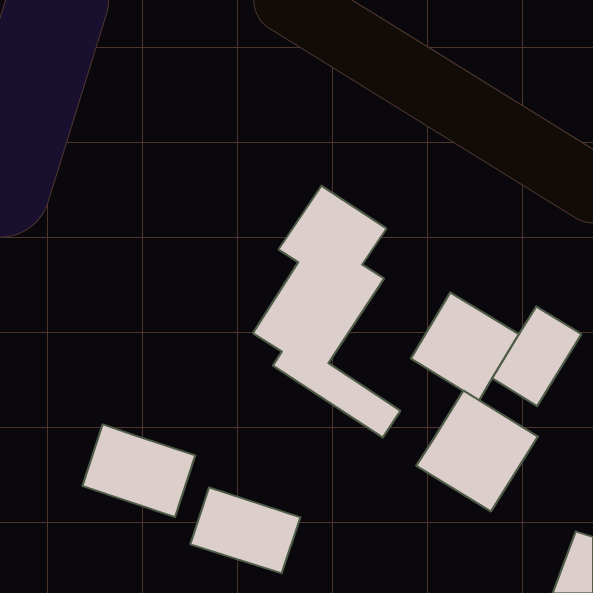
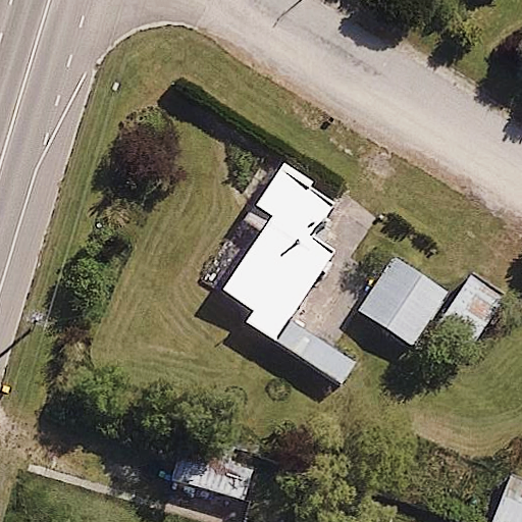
building: [416,391,538,512] -> none
building: [83,424,195,517] -> none

